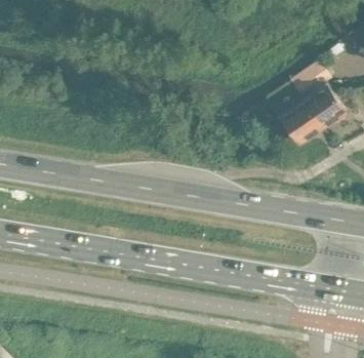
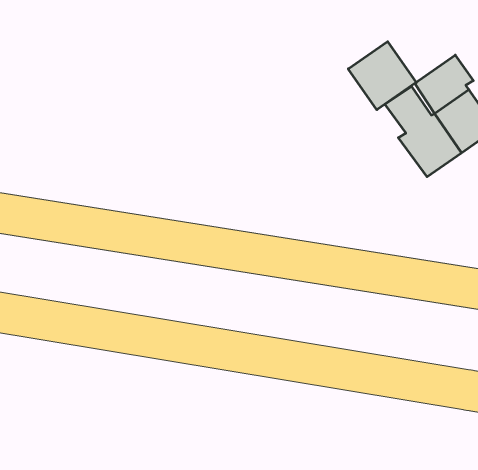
building: none -> [348,42,416,110]

